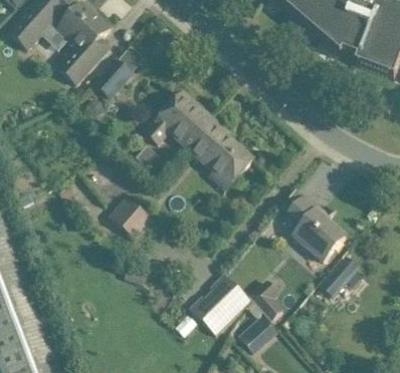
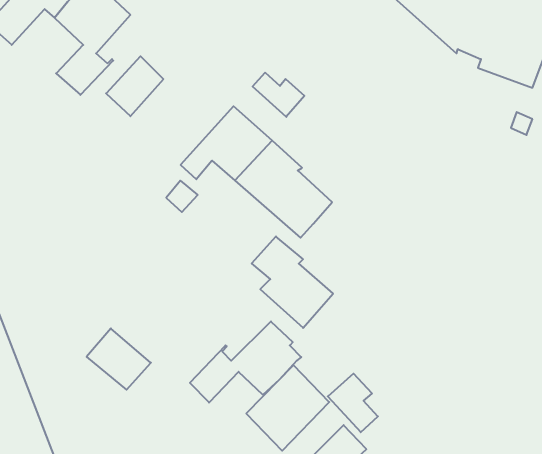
building: none -> [253,73,304,117]
building: [112,197,157,240] -> [87,328,151,390]
building: [285,197,343,261] -> [252,236,333,328]
building: none -> [190,321,301,403]
building: [316,257,357,297] -> none

